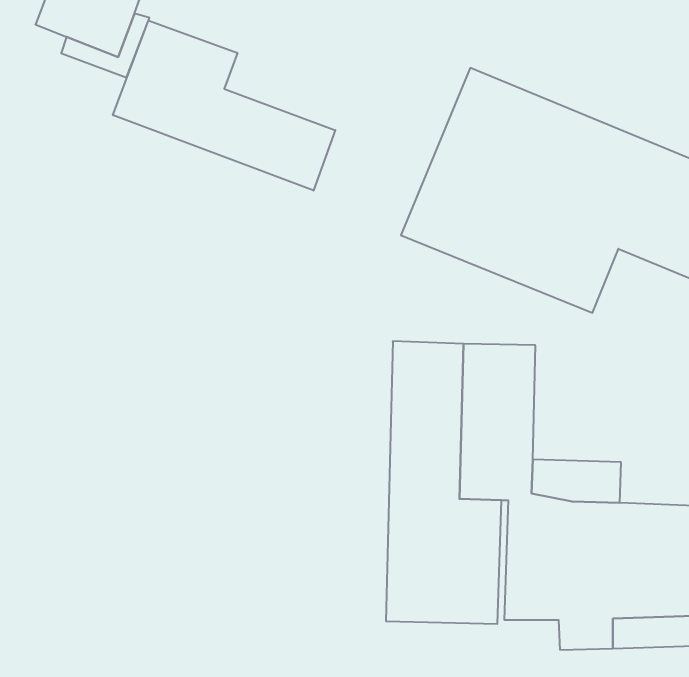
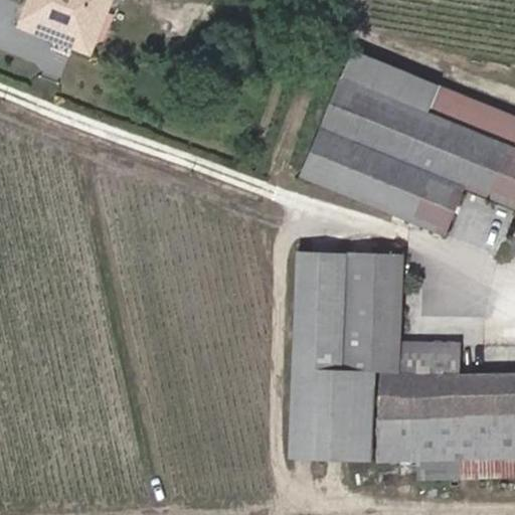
building: [113,20,335,191] -> none

